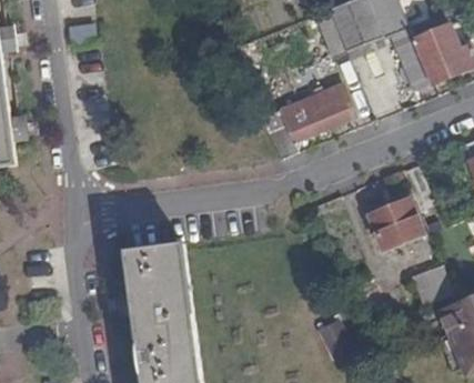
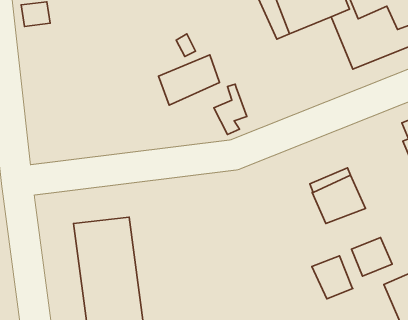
building: [290,85,353,138] -> [159,55,220,105]
building: none -> [312,256,353,299]

